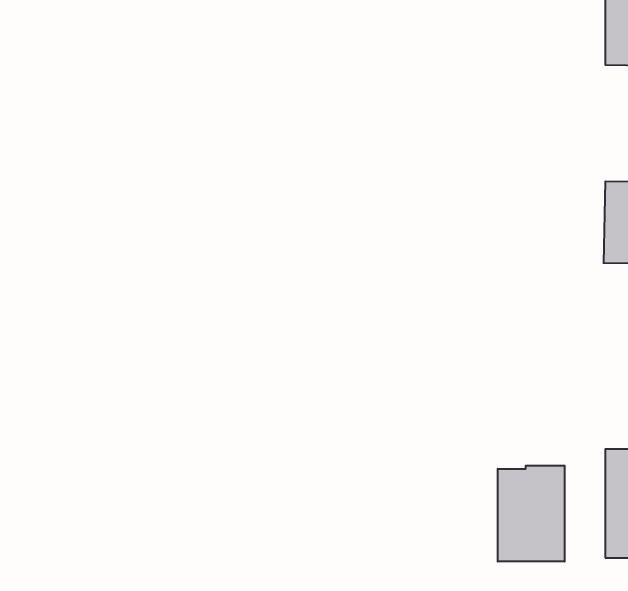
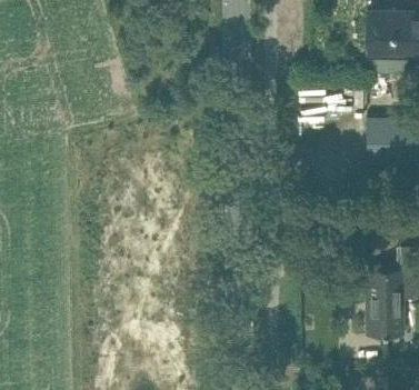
building: [498,466,565,562] -> none

